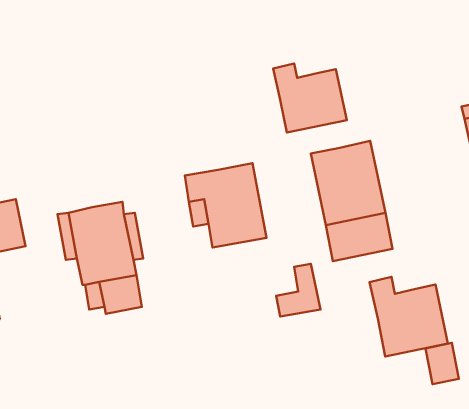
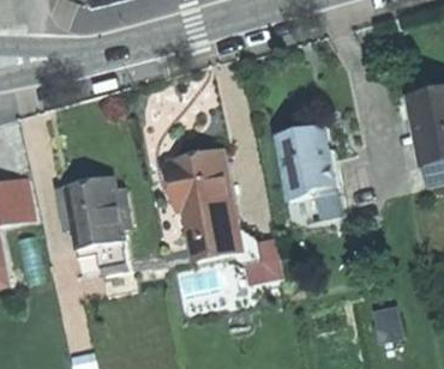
building: [273,63,347,133] -> none
building: none -> [188,211,242,258]
building: [370,277,448,357] -> none

